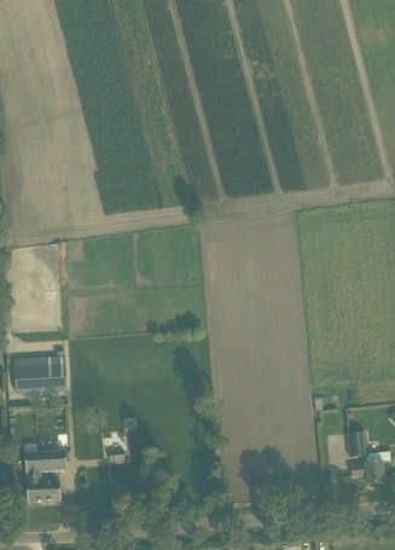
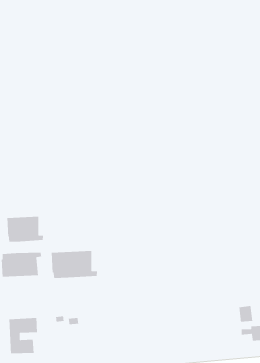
building: none -> [7,216,44,242]
building: none -> [51,250,98,279]

